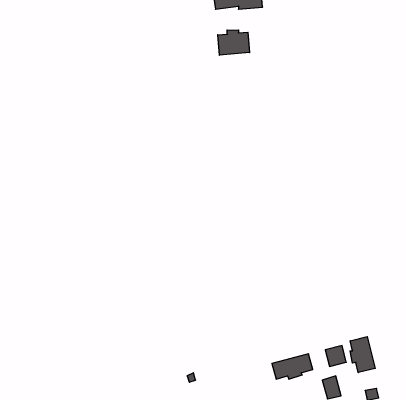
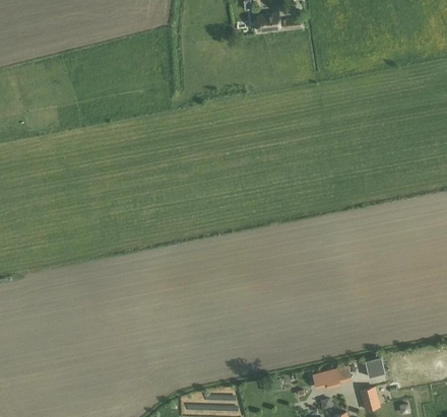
building: [218,30,250,55] -> none
building: [350,337,375,373] -> none

